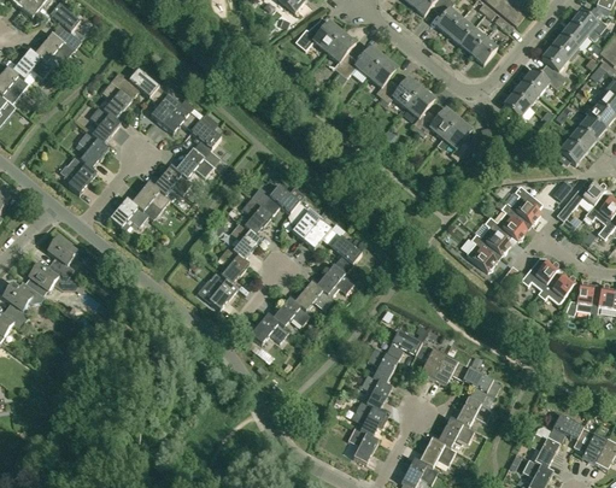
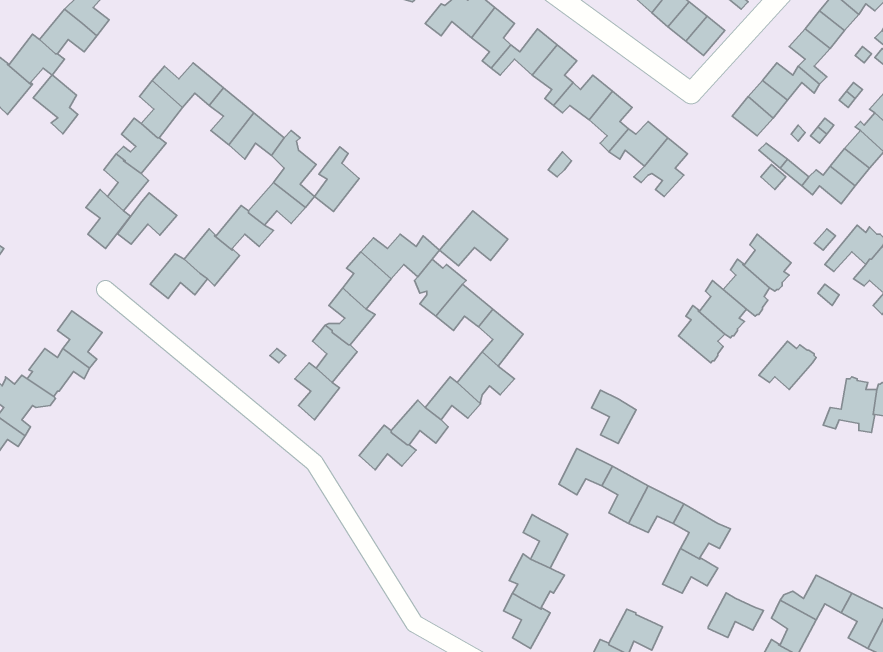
building: none -> [33,75,78,134]
building: none -> [314,147,359,211]
building: none -> [117,193,177,244]
building: none -> [439,211,508,266]
building: [538,271,576,304] -> none
building: [368,347,398,383] -> [592,390,636,444]
building: [438,417,475,447] -> [708,593,764,637]

